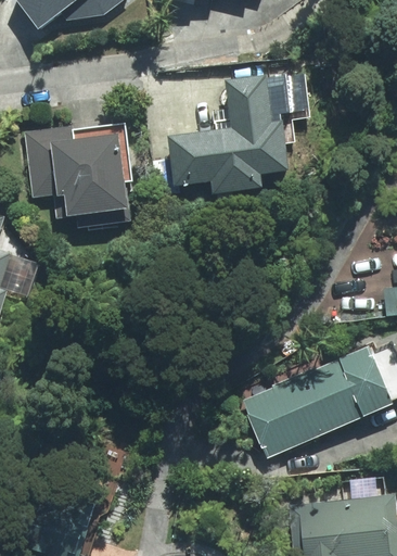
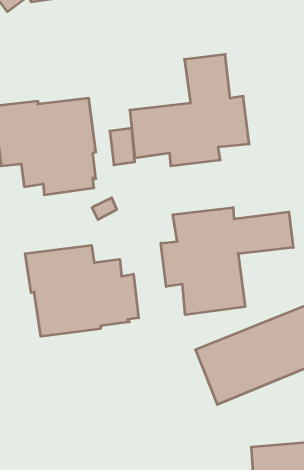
building: none -> [161,207,293,315]
building: none -> [25,245,139,336]

